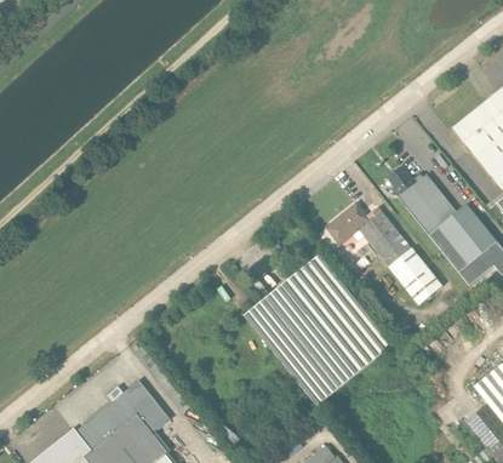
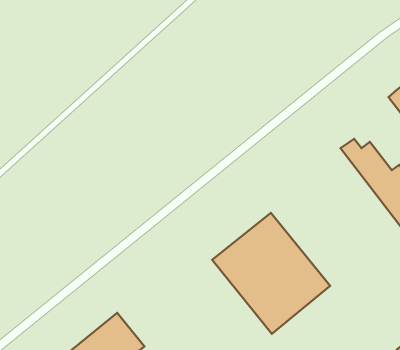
building: [328,200,441,298] -> none

